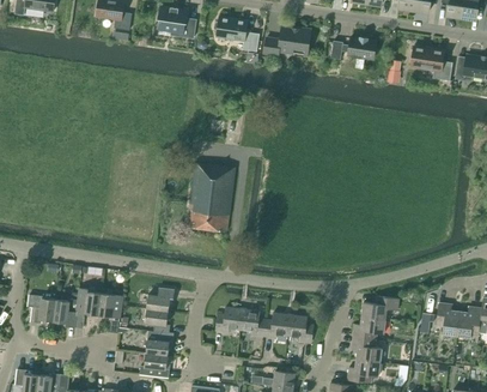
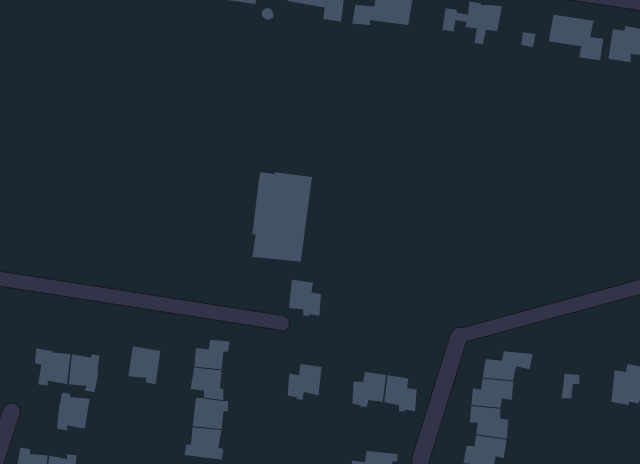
building: [75,288,101,316] -> [57,392,90,431]
building: [434,302,458,334] -> none
building: [239,308,264,336] -> [288,279,322,316]

